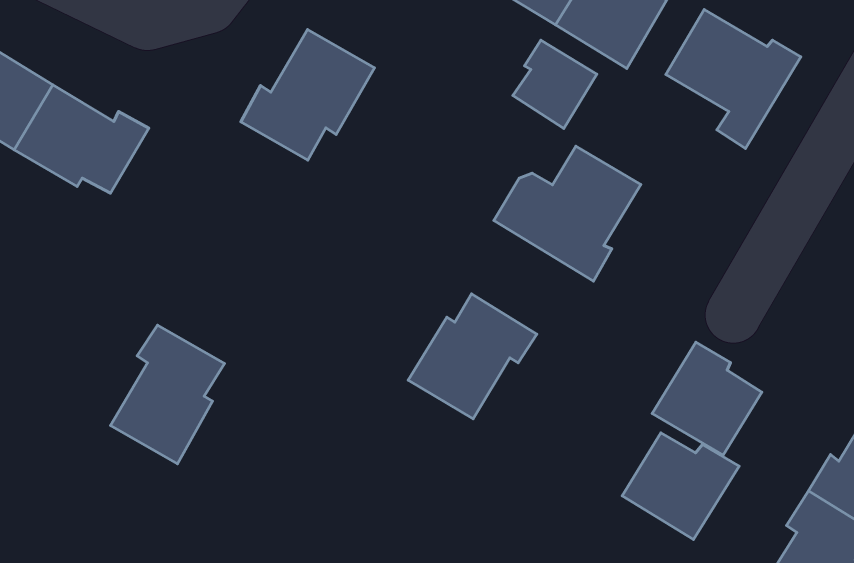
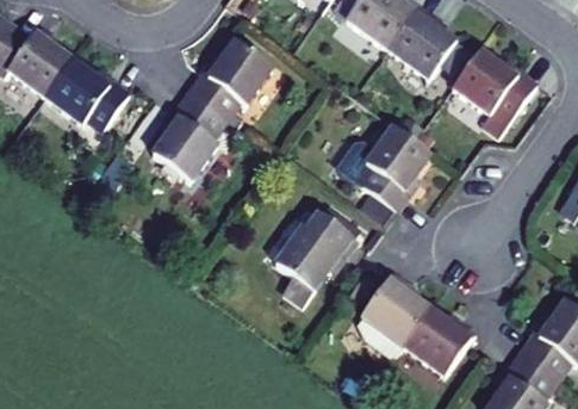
building: [513,40,597,128] -> none
building: [111,325,224,464] -> [153,92,226,179]
building: [652,342,762,455] -> [361,273,430,345]

